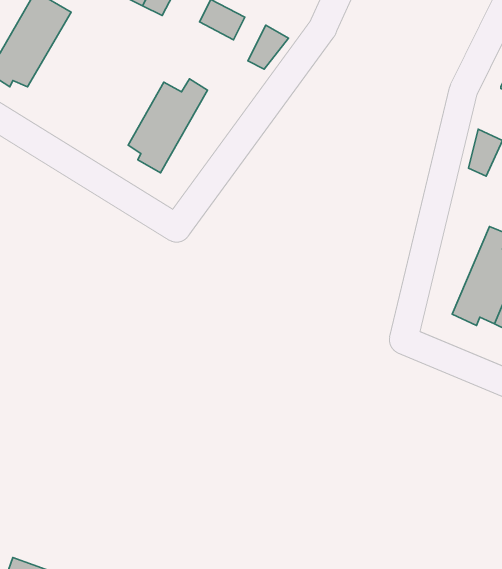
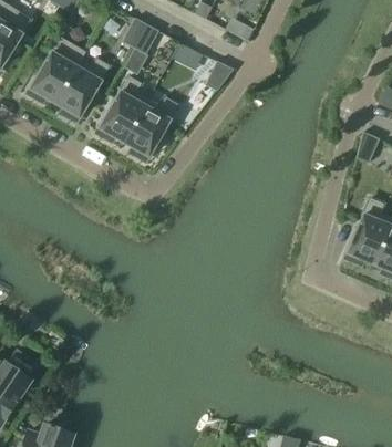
building: none -> [55,52,110,123]
building: none -> [96,76,148,143]

